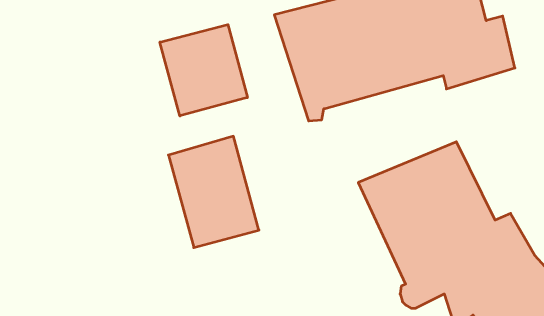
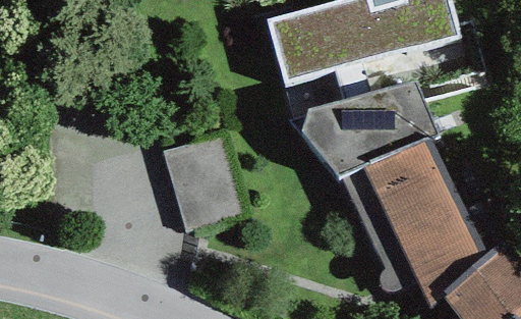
building: [160,25,247,116] -> none
building: none -> [292,77,437,176]

